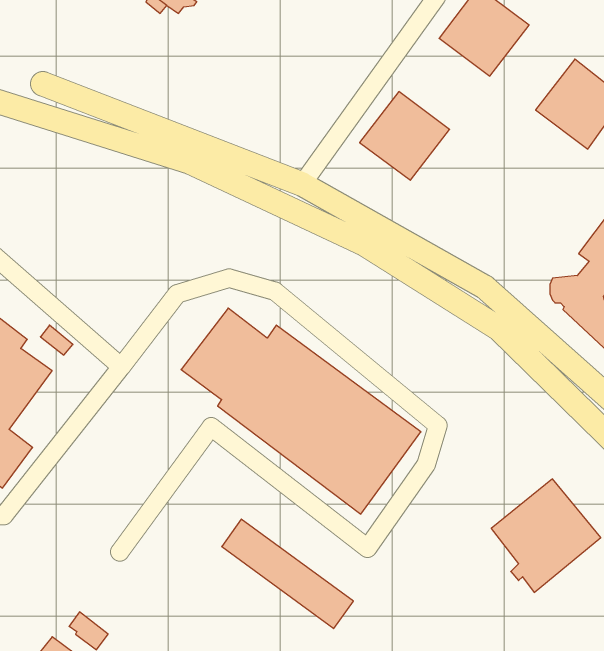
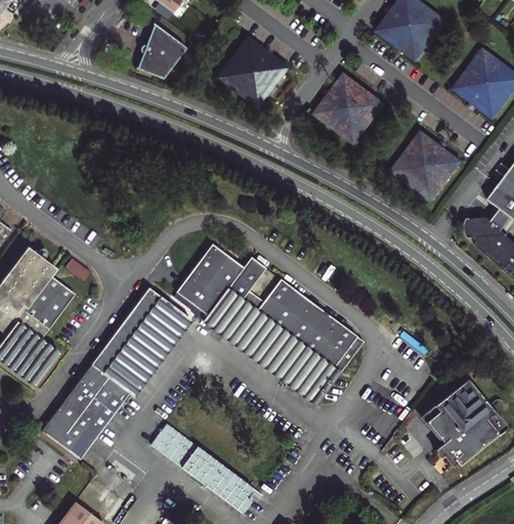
building: none -> [138,25,185,78]
building: none -> [216,37,287,106]
building: none -> [391,130,463,202]
building: none -> [41,287,190,460]
building: [222,519,353,629] -> [149,421,253,507]

